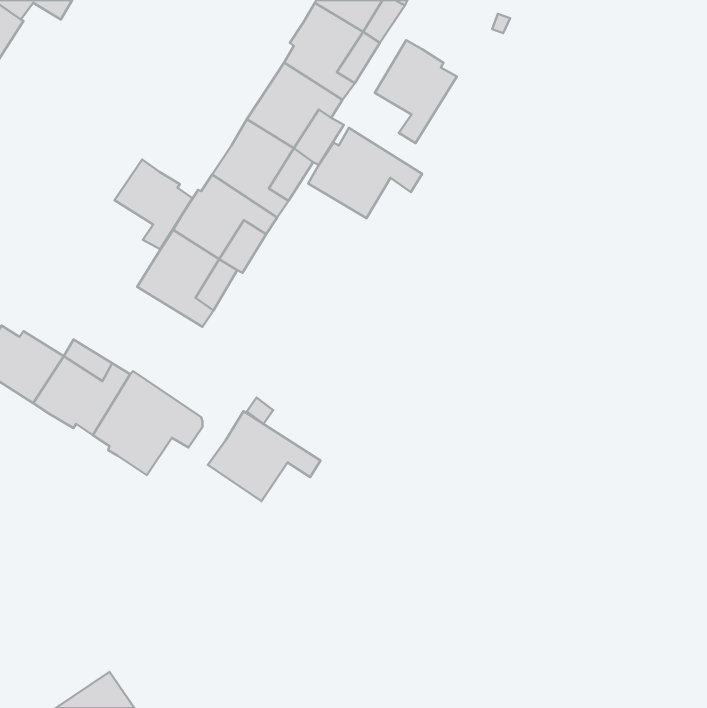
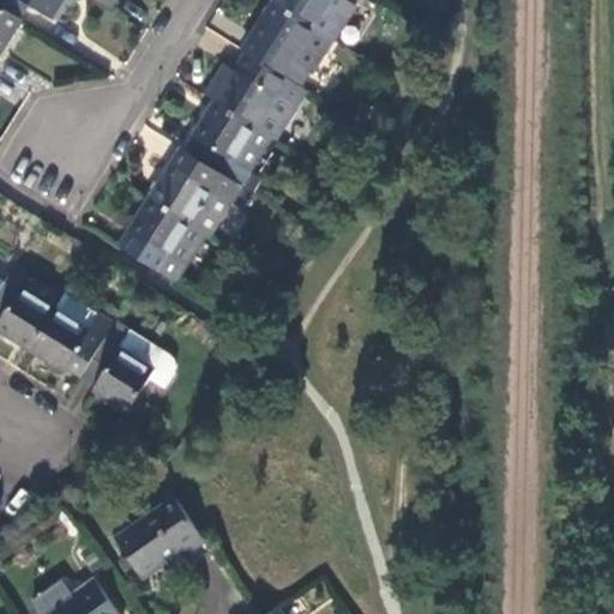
building: [375,40,457,143] -> none
building: [308,128,422,218] -> none
building: [114,159,193,249] -> none
building: [208,411,320,501] -> none
building: none -> [115,500,215,591]

